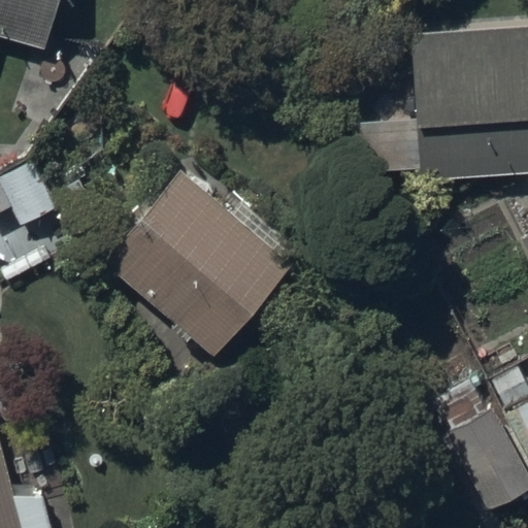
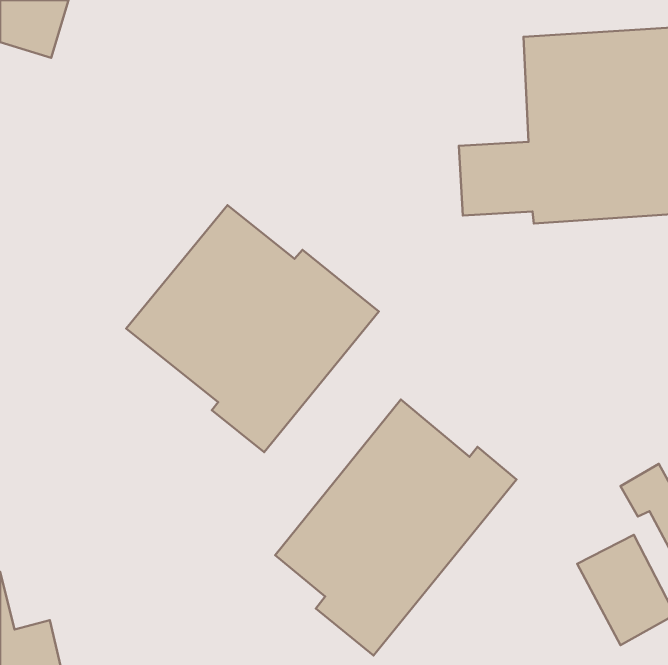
building: none -> [275,400,517,655]

